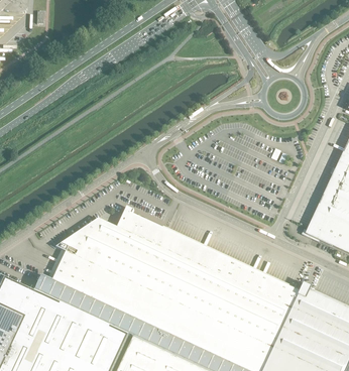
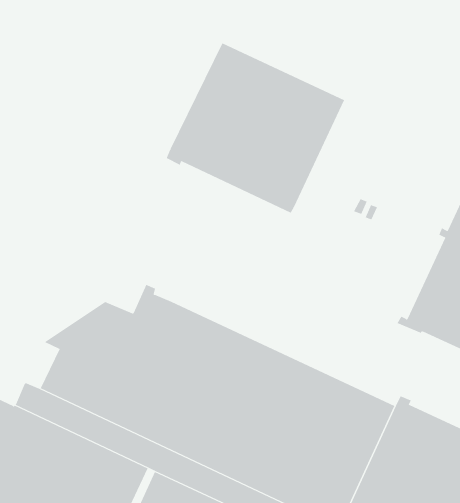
building: none -> [165,43,345,214]

